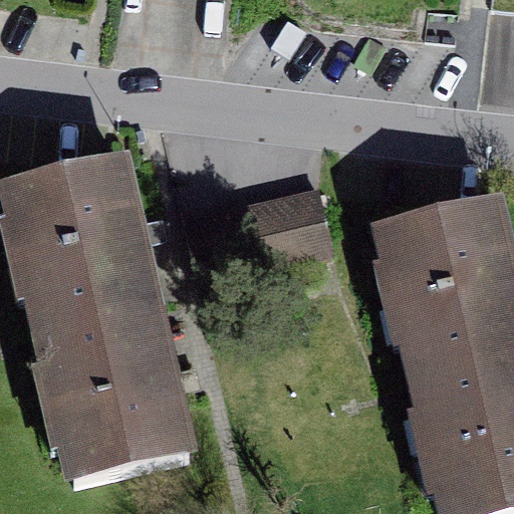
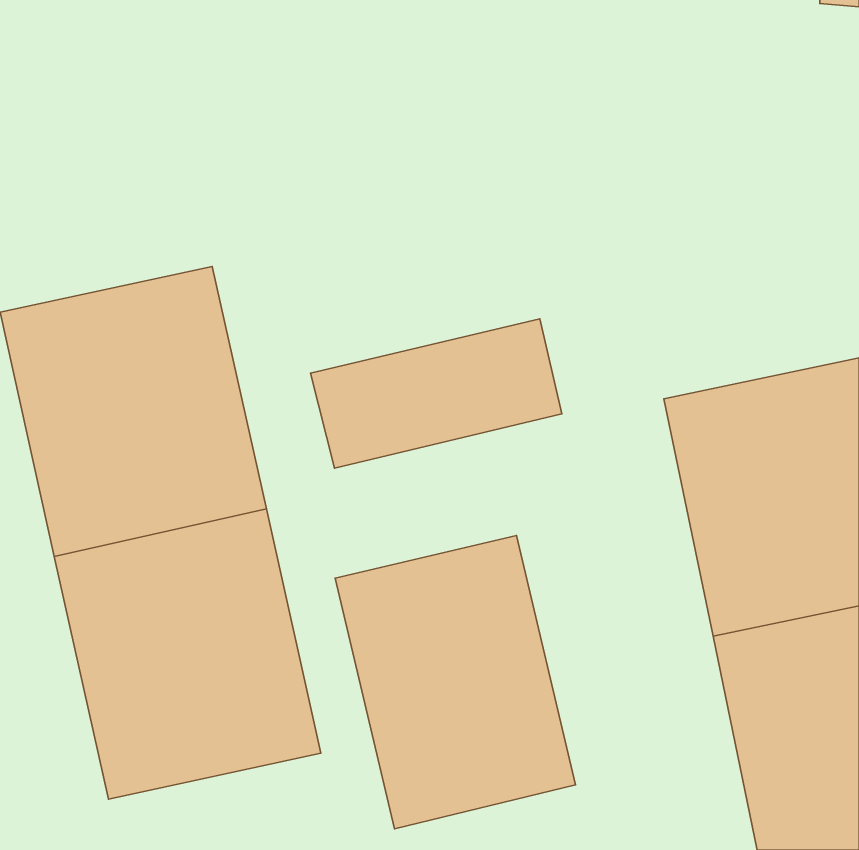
building: none -> [335,536,575,829]

